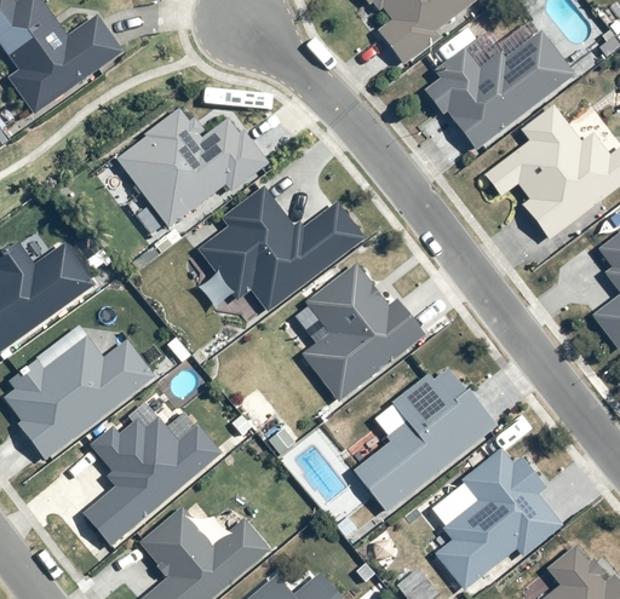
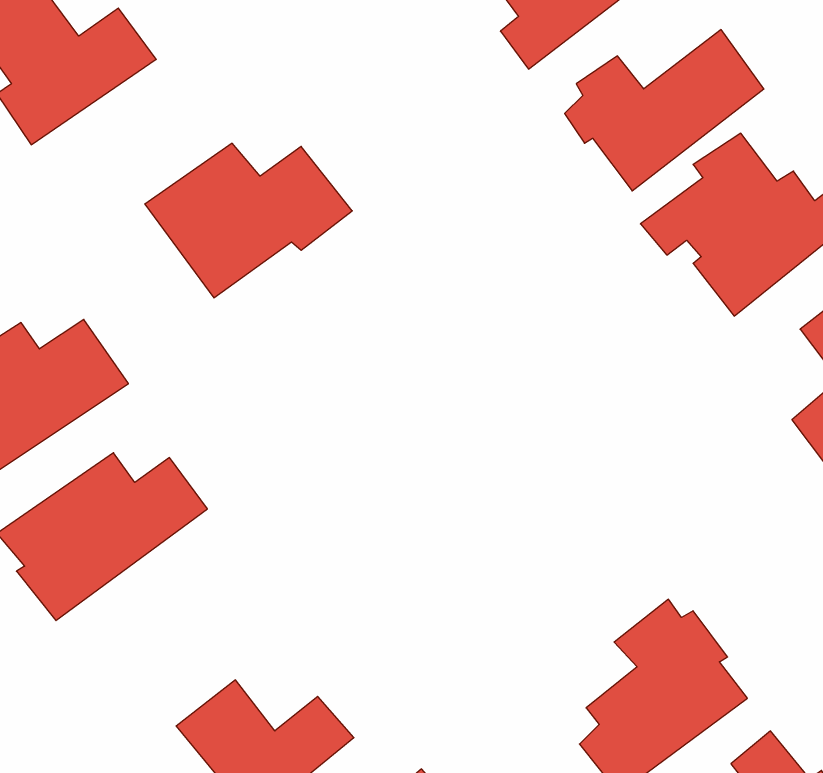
building: [196,184,364,311] -> none
building: [299,263,424,398] -> none
building: [351,363,495,509] -> none
building: [87,420,226,548] -> none

